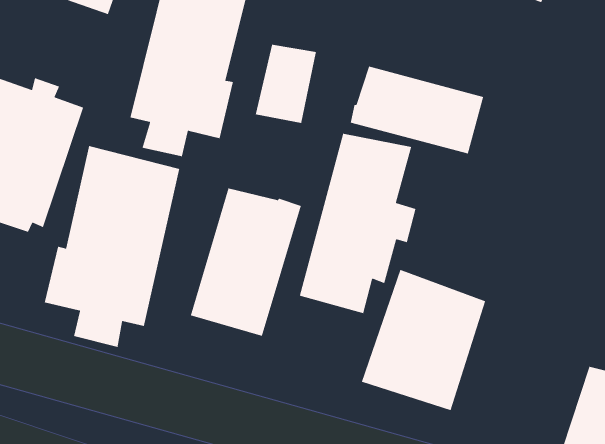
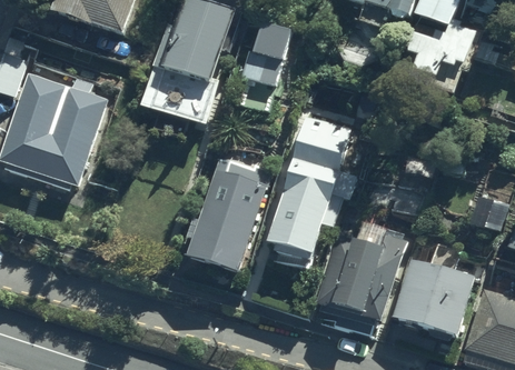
building: [350,65,484,154] -> none
building: [44,145,180,348] -> none
building: none -> [392,260,474,334]

